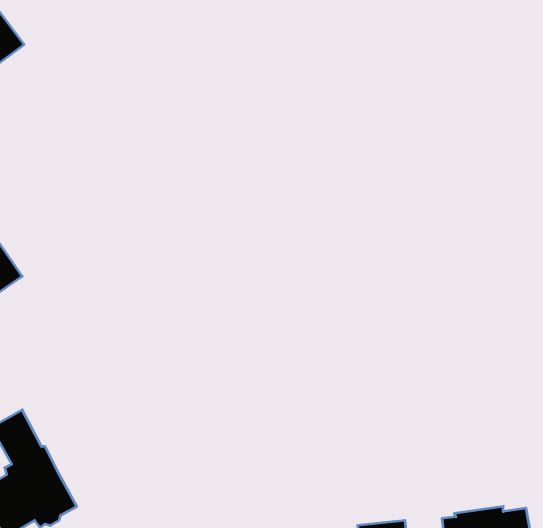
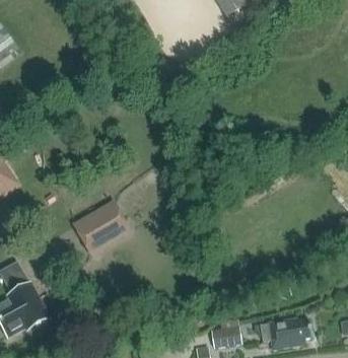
building: none -> [74,202,130,254]

